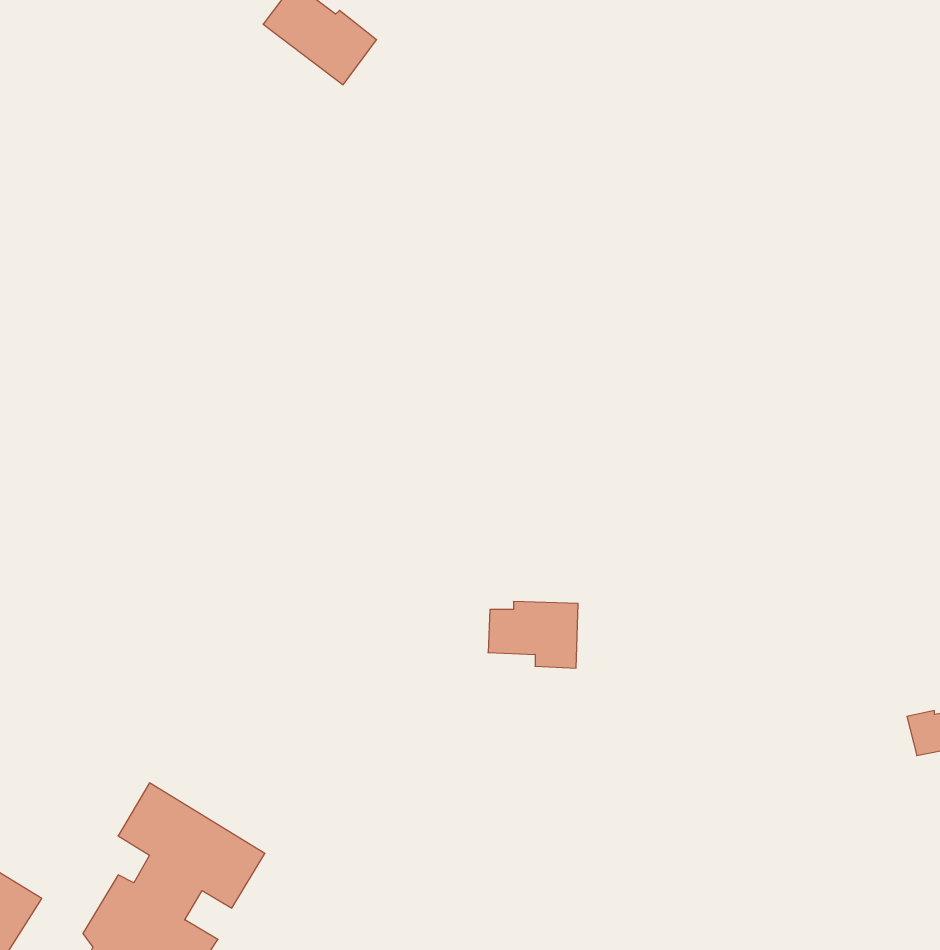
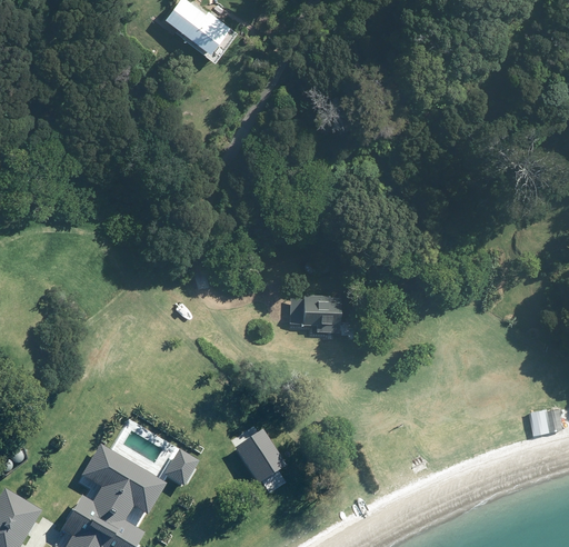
building: [488,602,578,668] -> [289,294,340,331]
building: none -> [232,435,284,489]
building: none -> [162,454,196,490]

